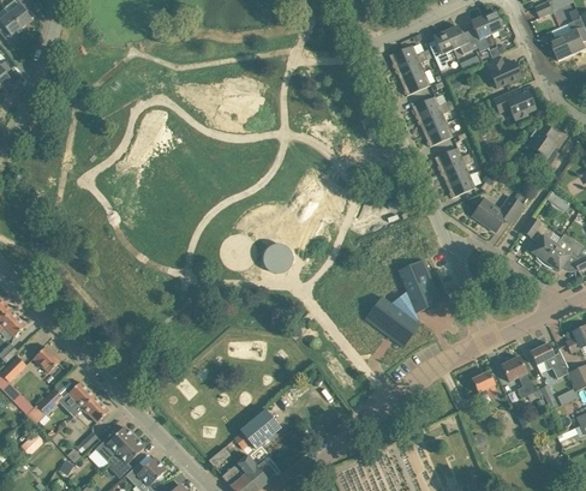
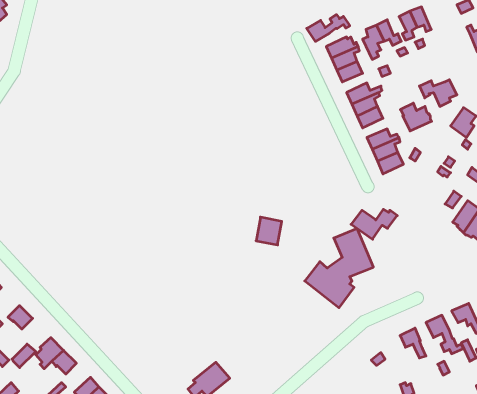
building: none -> [307,15,350,41]
building: [486,56,521,88] -> [400,103,432,131]
building: [472,198,524,232] -> [351,209,397,239]
building: [264,241,293,273] -> [256,217,282,245]

